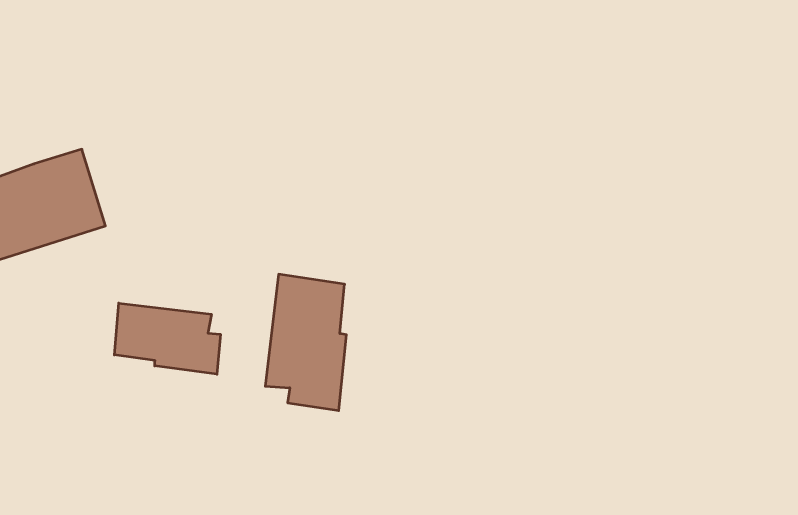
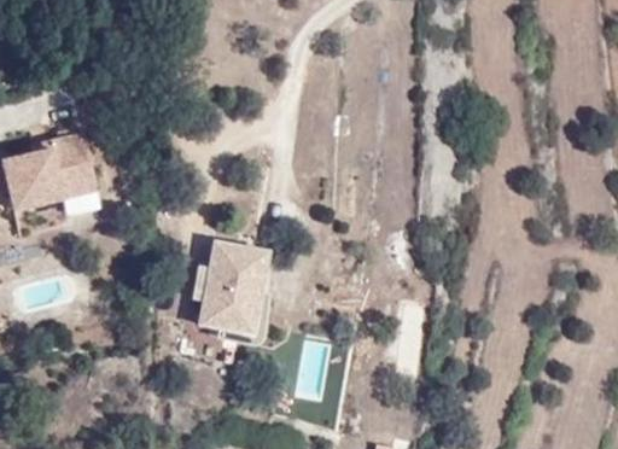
building: [114,303,220,374] -> none

